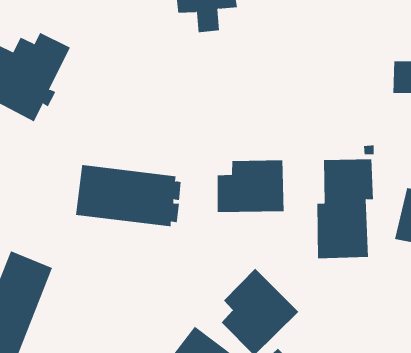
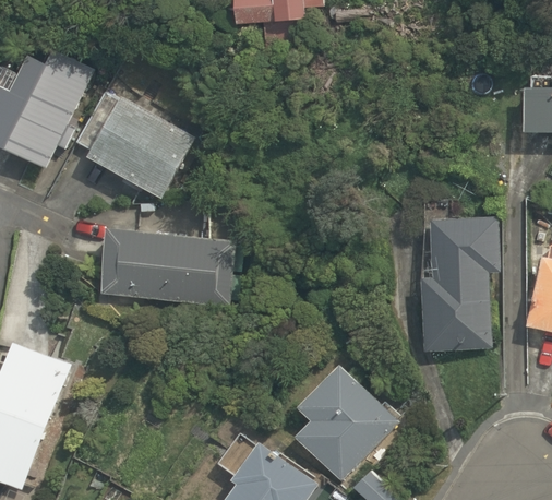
building: none -> [75,92,196,198]
building: [217,160,284,213] -> none

